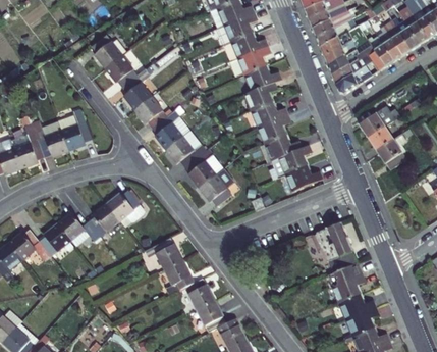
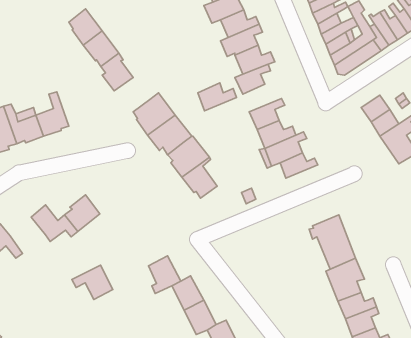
building: [133,96,166,128] -> none
building: [252,102,287,128] -> [198,83,237,111]
building: [107,191,141,221] -> none
building: [38,224,70,258] -> none
building: [145,238,182,269] -> [72,265,113,300]

